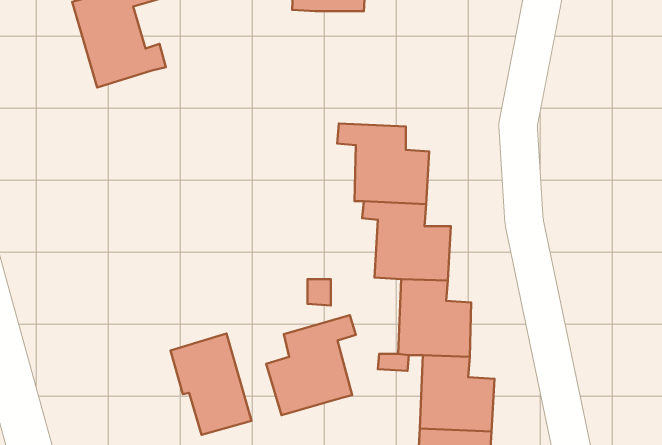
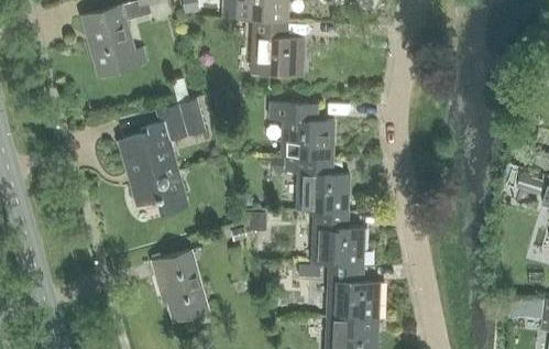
building: none -> [252,23,304,76]
building: none -> [117,99,206,209]
building: [266,315,356,415] -> none

